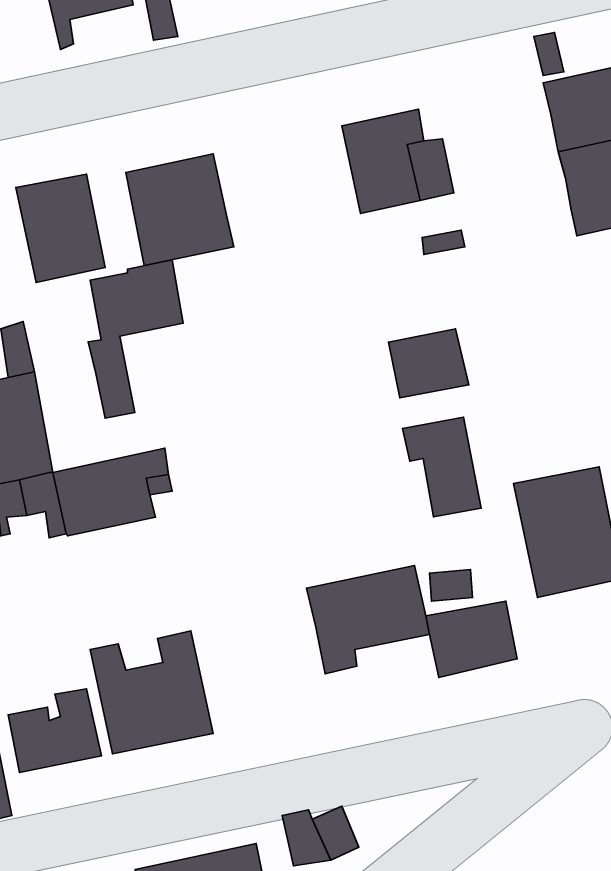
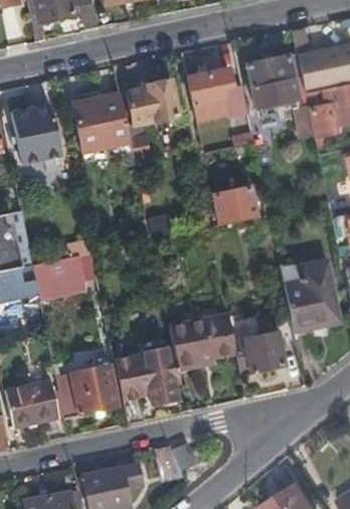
building: none -> [247,54,309,116]
building: [88,260,183,418] -> [126,81,177,167]
building: [403,417,481,517] -> none
building: none -> [115,347,181,426]

